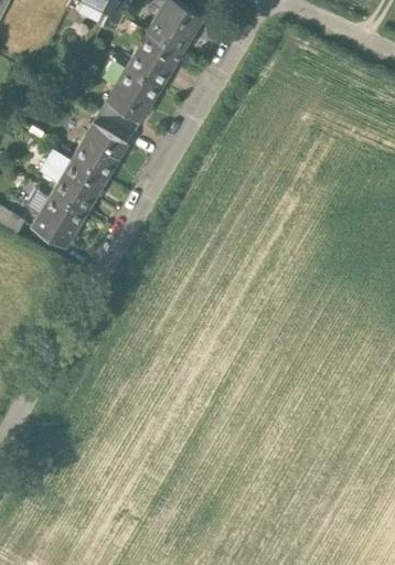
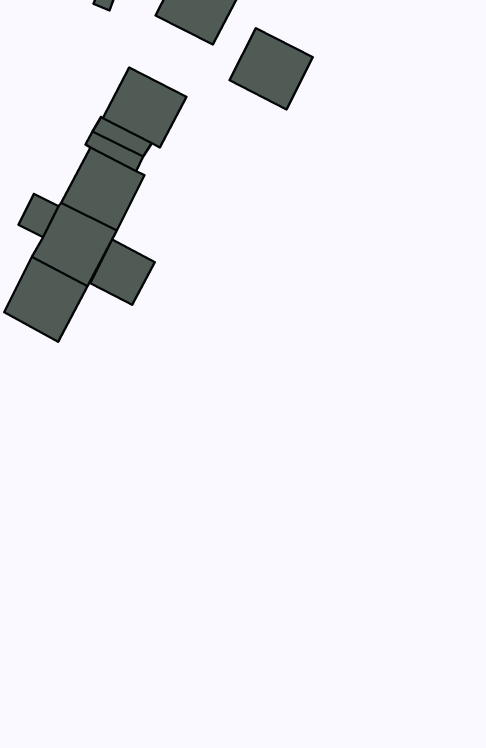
building: [127,28,186,86] -> [229,28,313,110]
building: none -> [90,239,155,305]

